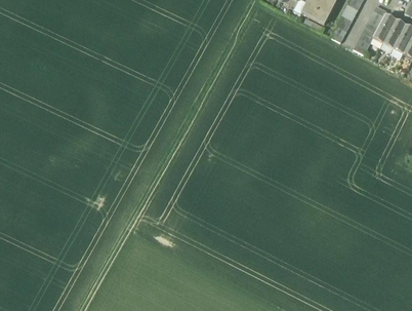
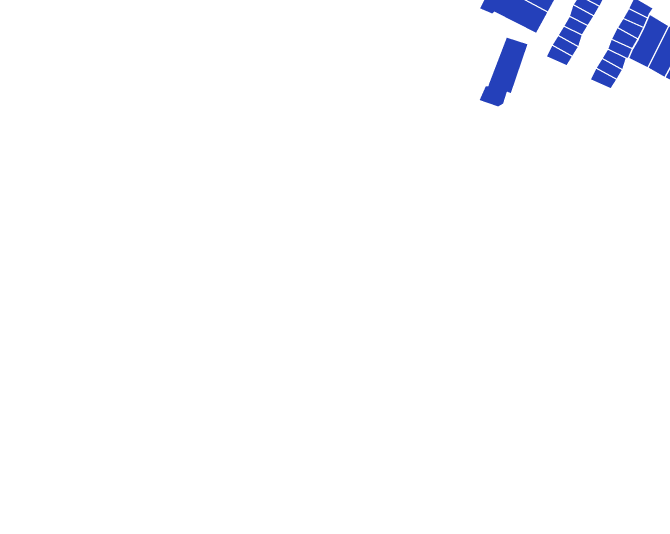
building: none -> [479,37,528,107]

